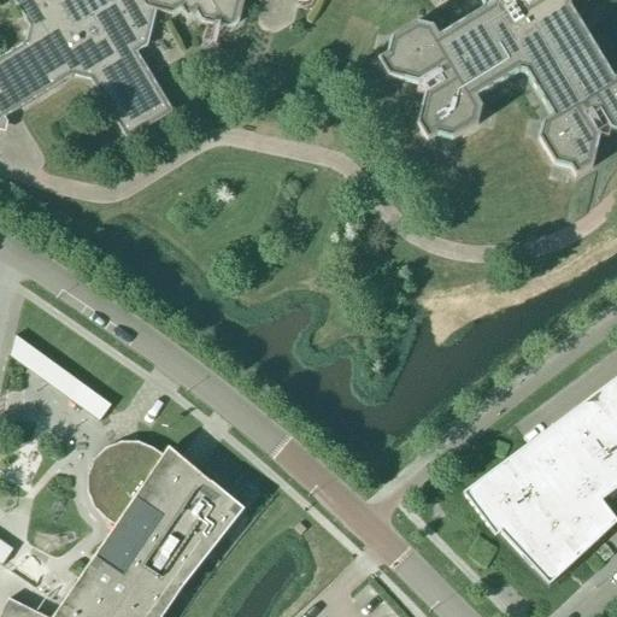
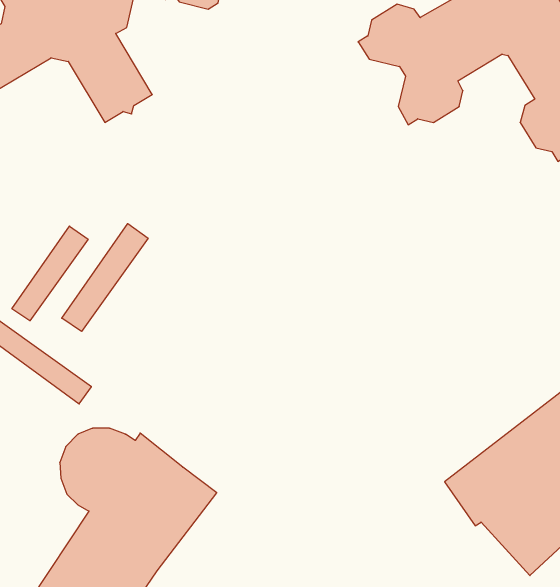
building: none -> [62,224,148,331]
building: none -> [12,226,88,321]

